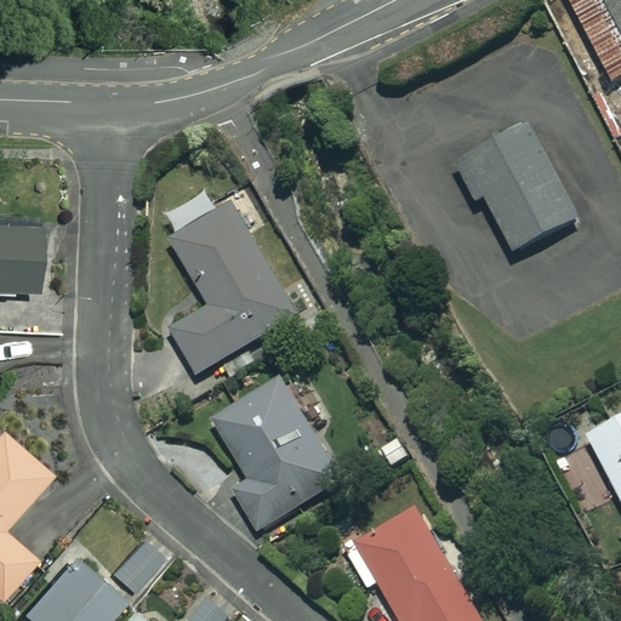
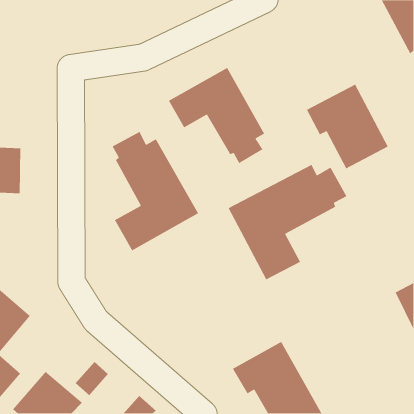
building: none -> [168,67,265,164]
building: none -> [228,164,348,281]
building: [213,381,342,531] -> none

